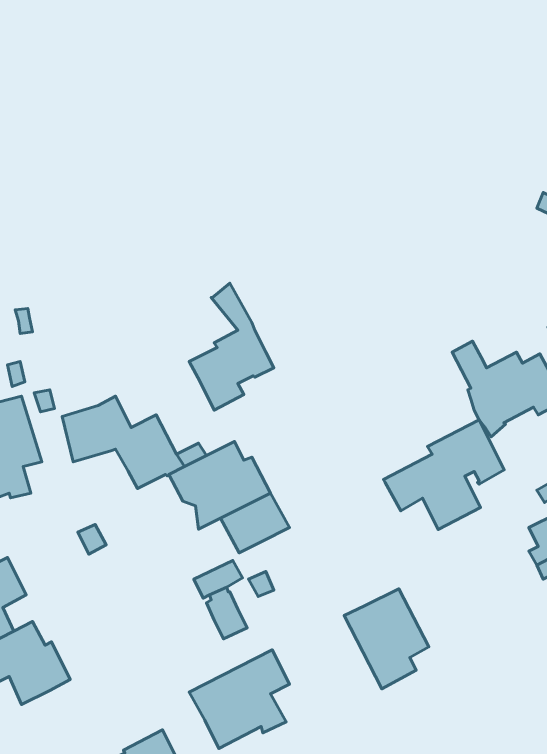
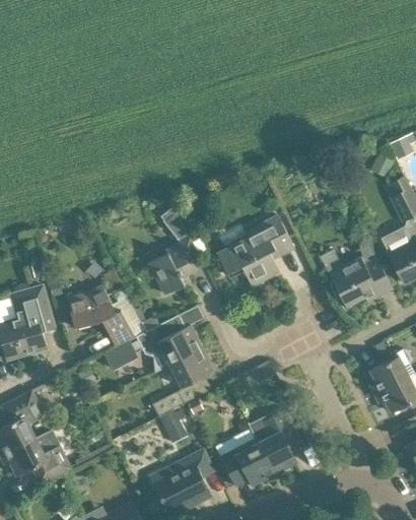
building: [384,420,504,529] -> [216,215,294,286]
building: none -> [103,340,137,372]
building: none -> [215,428,274,486]

